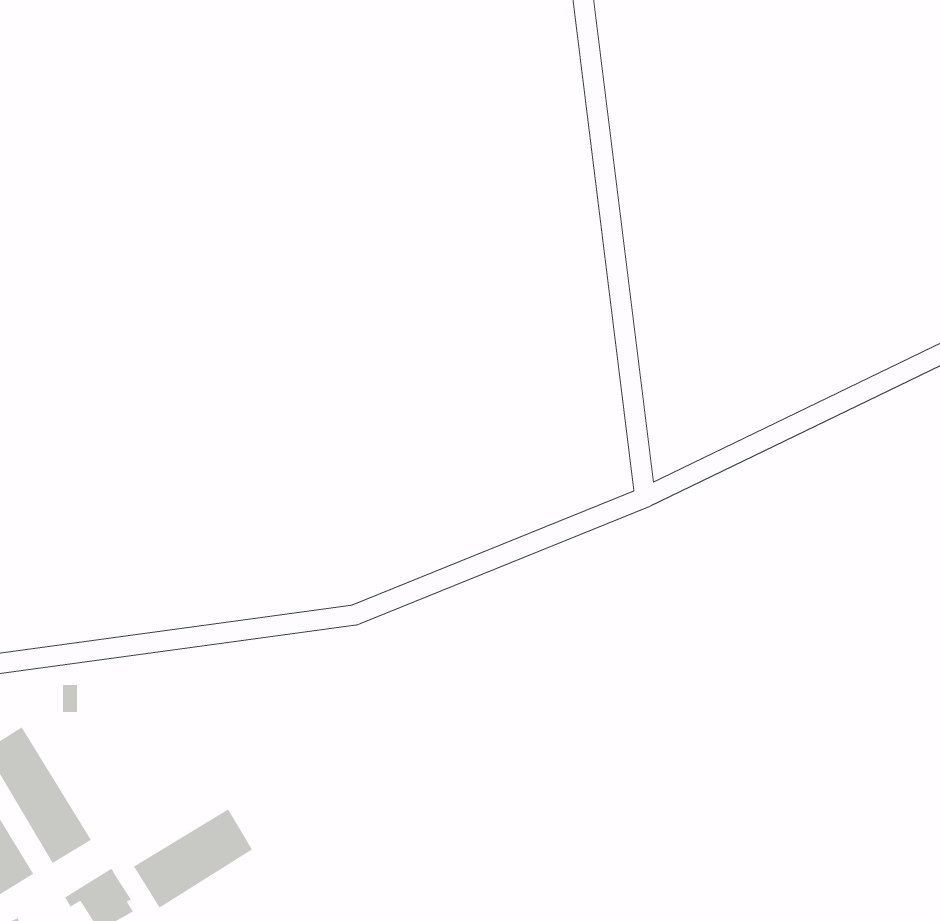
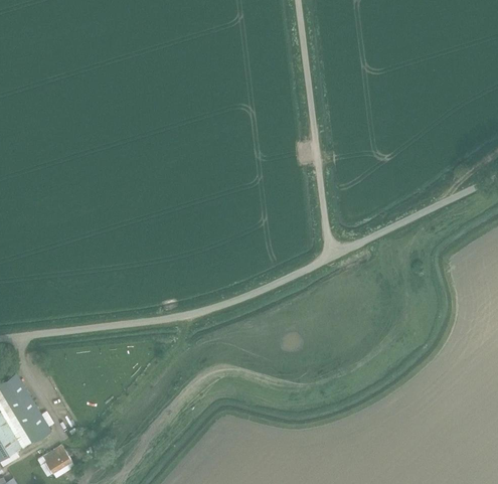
building: [133,808,253,908] -> none

